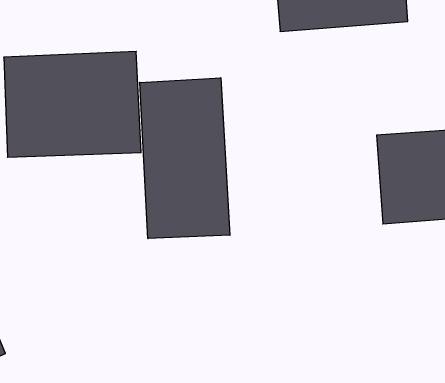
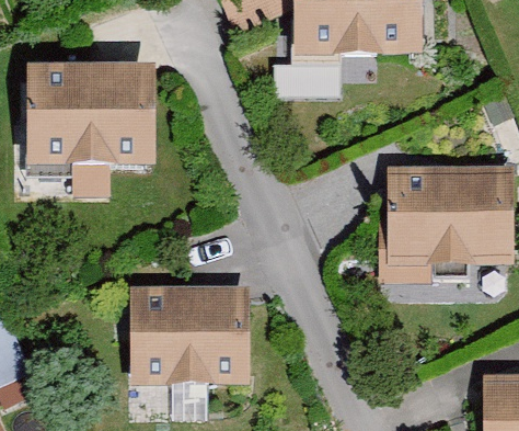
building: [140,78,230,239] -> none
building: none -> [131,285,250,381]

